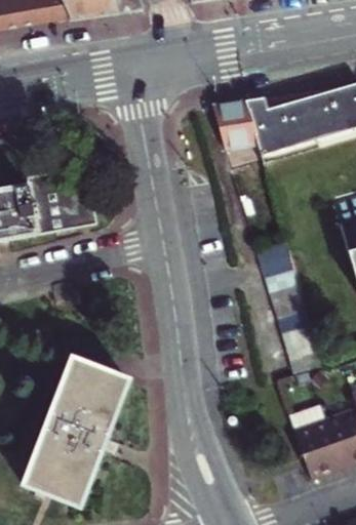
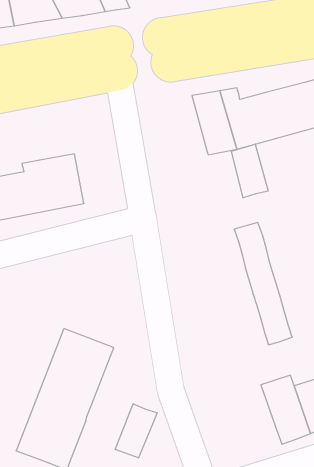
building: none -> [232,144,268,198]
building: none -> [115,404,157,458]

